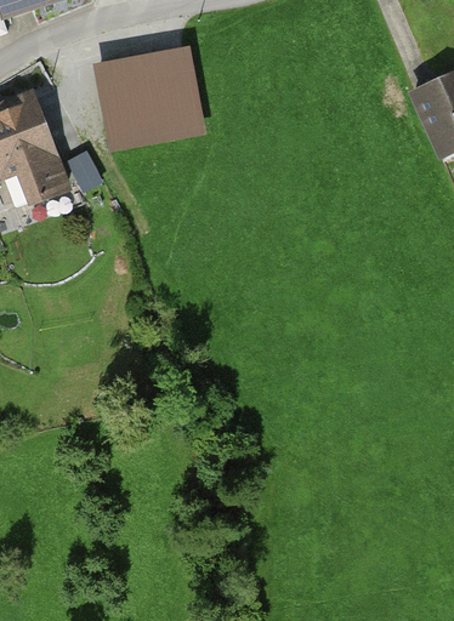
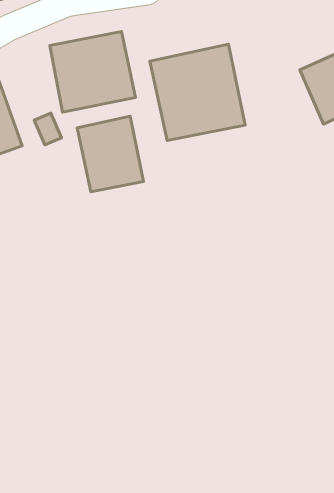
building: none -> [150,44,245,141]
building: none -> [77,116,143,192]

